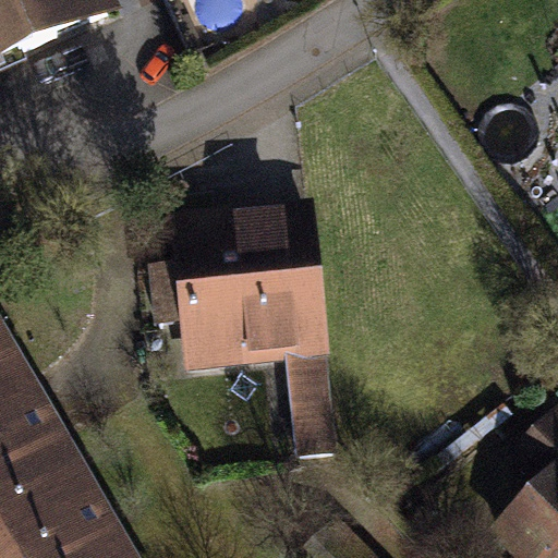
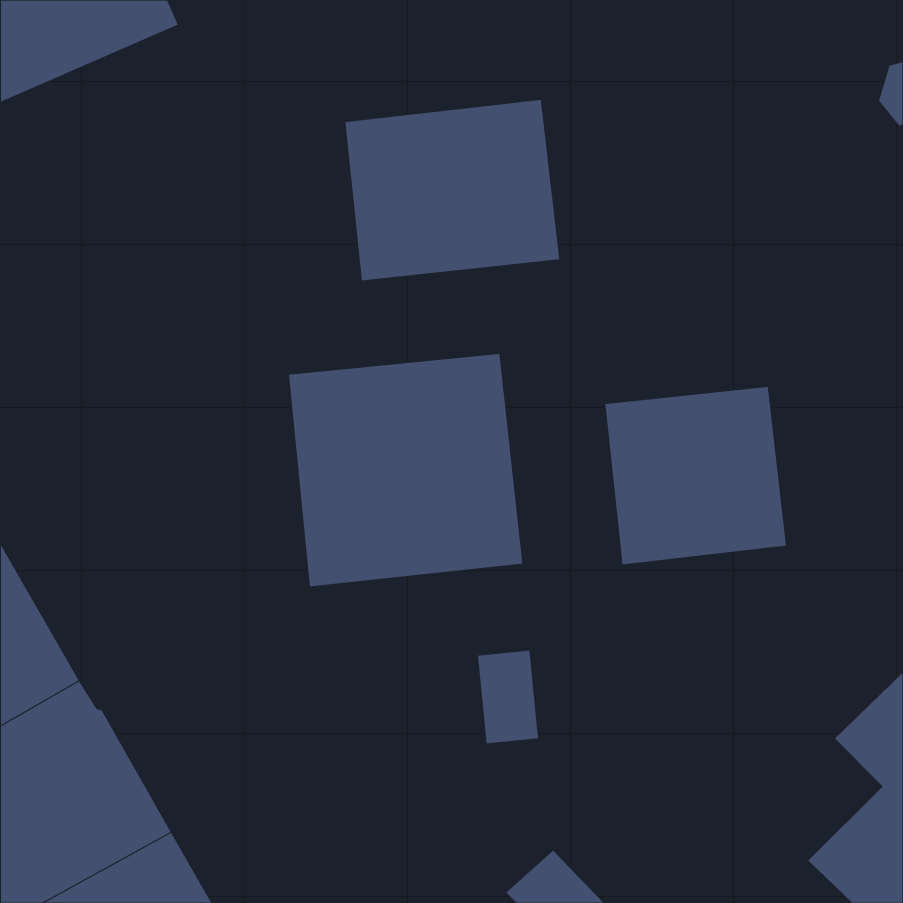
building: none -> [345,99,560,281]
building: none -> [605,386,787,565]

